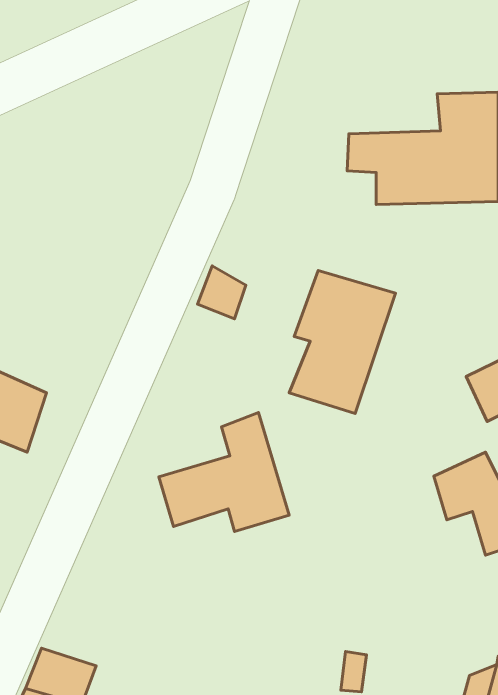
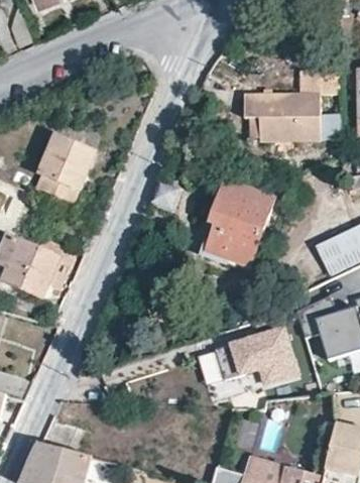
building: none -> [34,136,96,208]
building: [159,412,289,531] -> [217,311,298,385]

